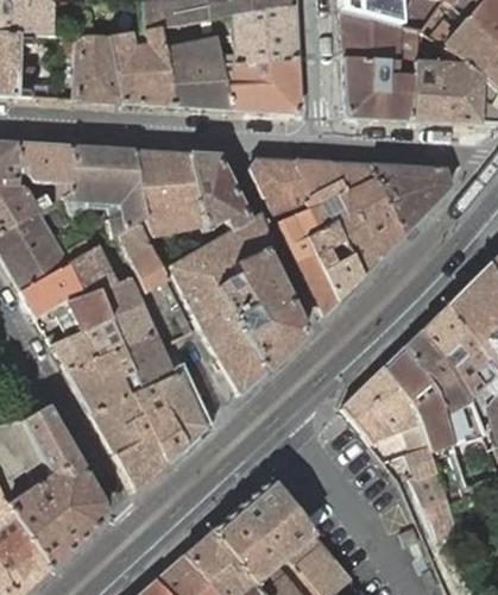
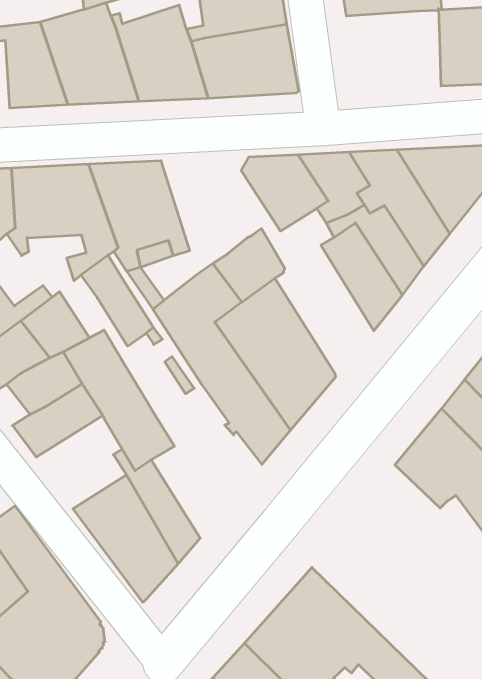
building: [343,57,414,119] -> none
building: [189,152,248,230] -> none
building: [277,207,338,315] -> none
building: [68,343,135,412] -> none
building: [156,370,206,445] -> none

